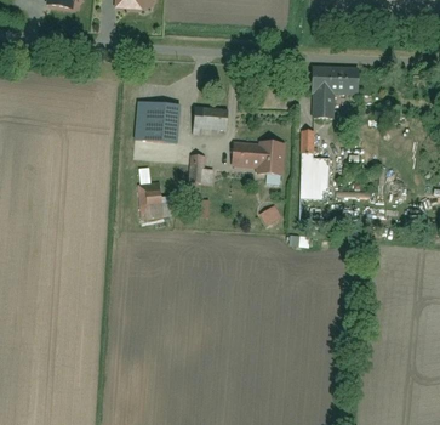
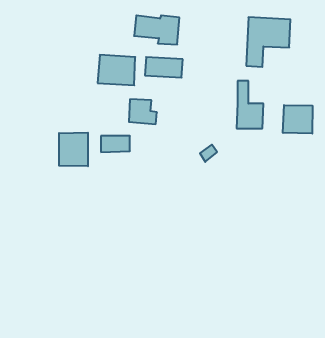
building: [230,140,281,172] -> [134,15,179,44]
building: none -> [283,105,312,134]
building: none -> [59,133,88,166]

